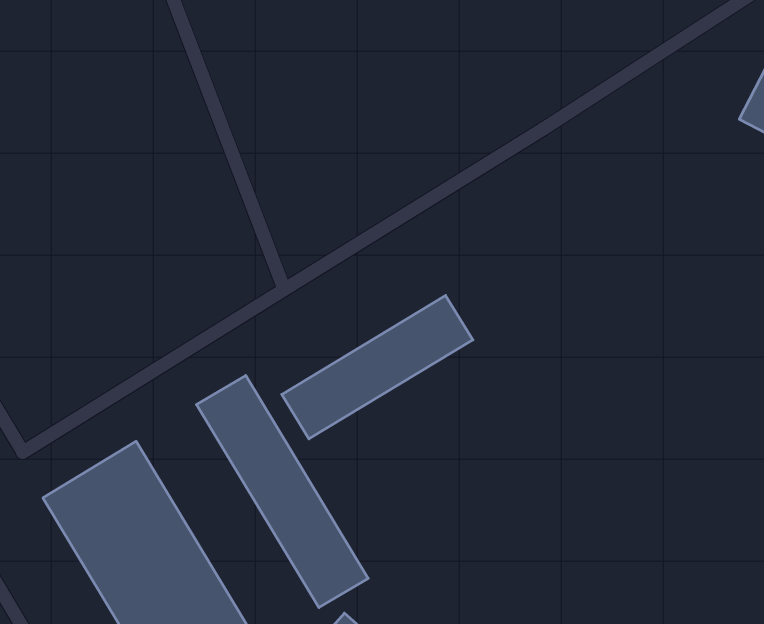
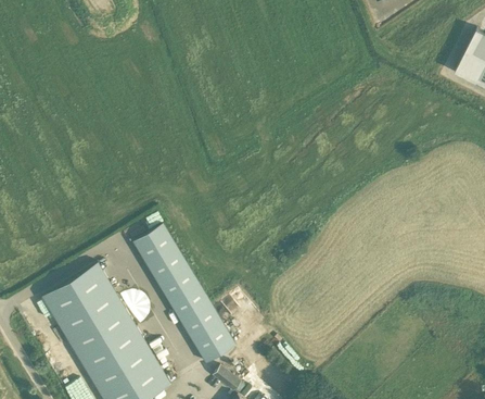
building: [282,295,473,439] -> none

